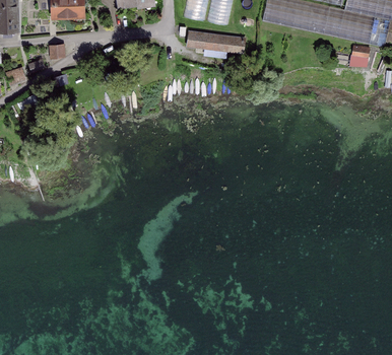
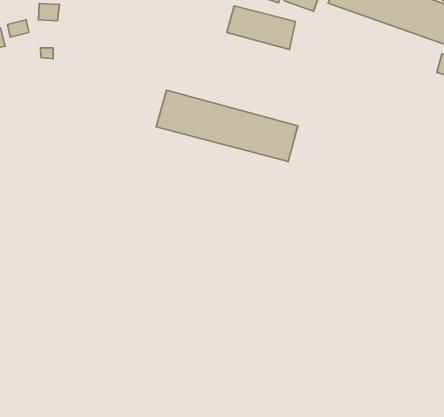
building: none -> [156,90,298,161]

